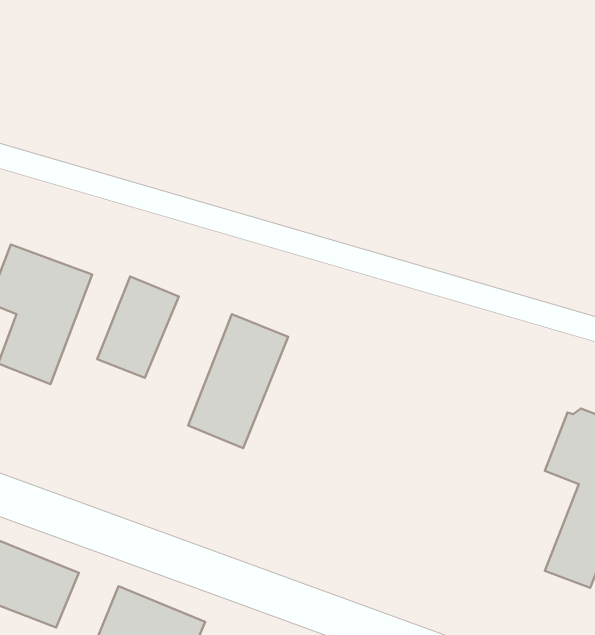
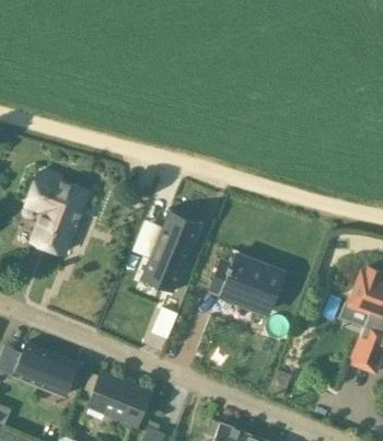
building: [97,277,179,378] -> none
building: none -> [207,253,285,317]

